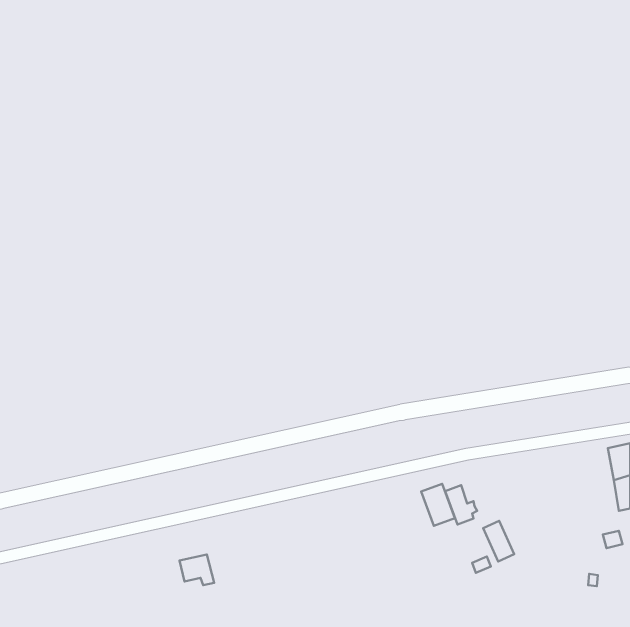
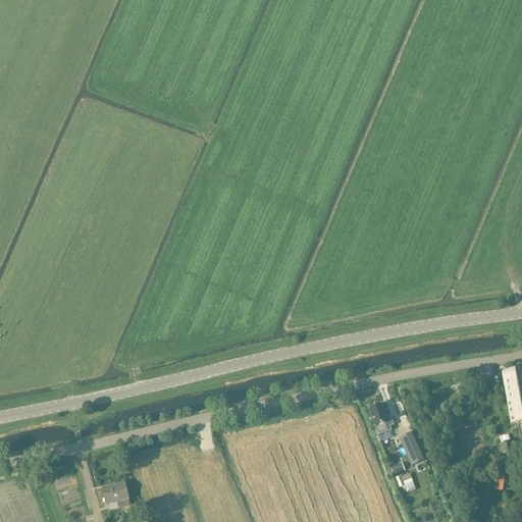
building: [421,484,455,526] -> none
building: [180,554,214,585] -> [102,480,130,506]

